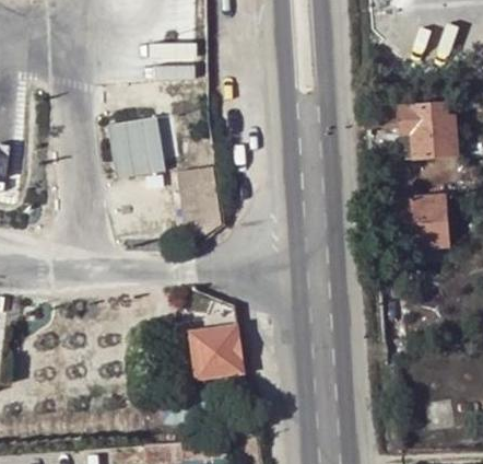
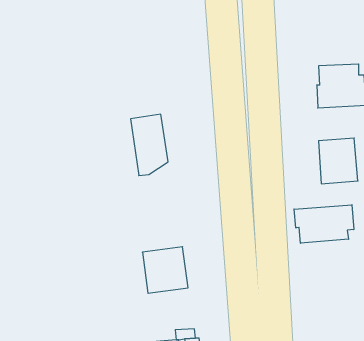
building: [111,115,165,174] -> none
building: none -> [294,205,354,243]

